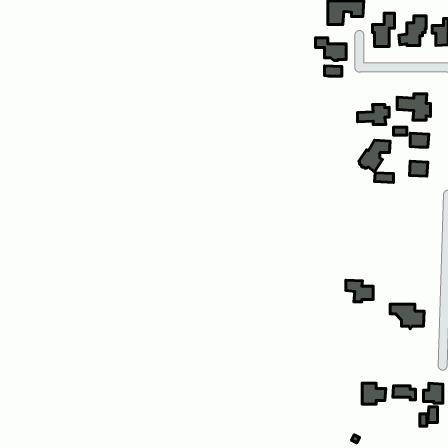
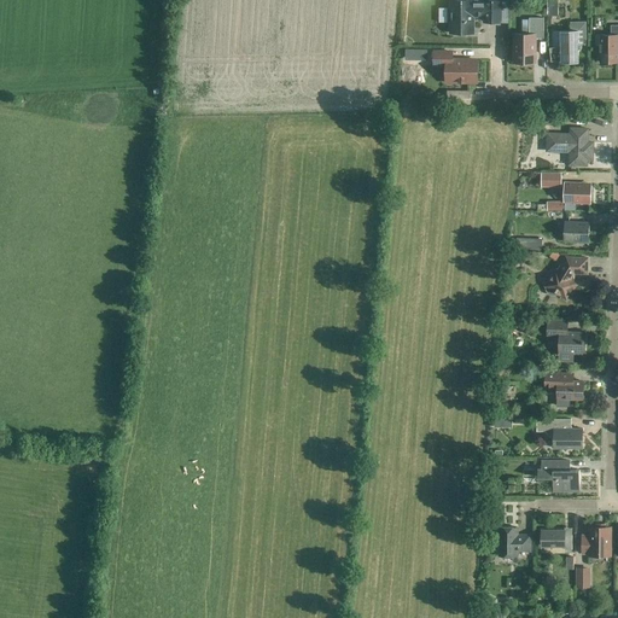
building: [357,105,389,125] -> none
building: [359,140,390,172] -> [544,257,588,301]
building: none -> [548,321,585,361]
building: [346,280,373,302] -> [546,373,583,403]
building: none -> [538,461,579,491]

